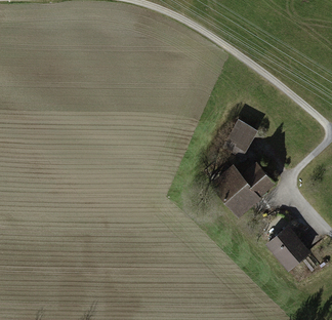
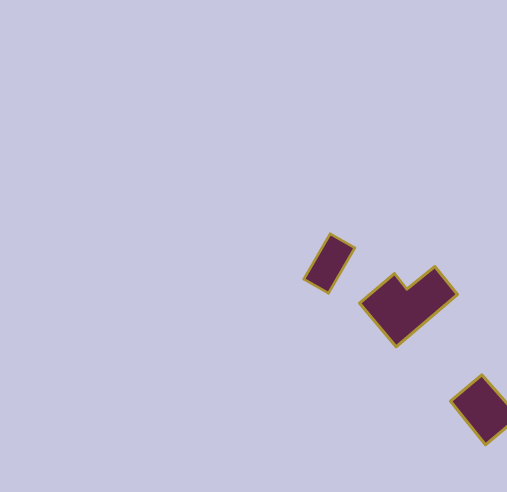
building: [224,121,254,156] -> [304,234,355,293]

